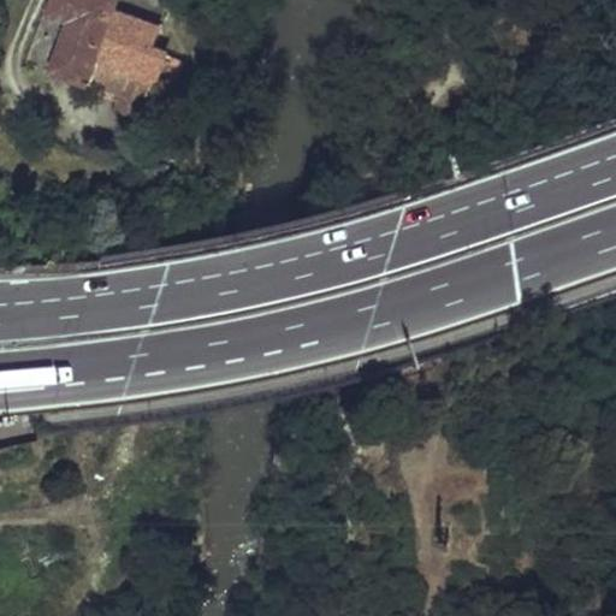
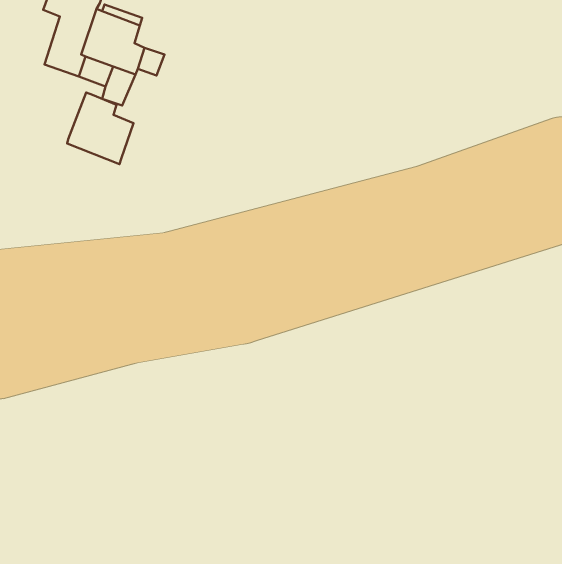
building: none -> [67,93,134,164]

